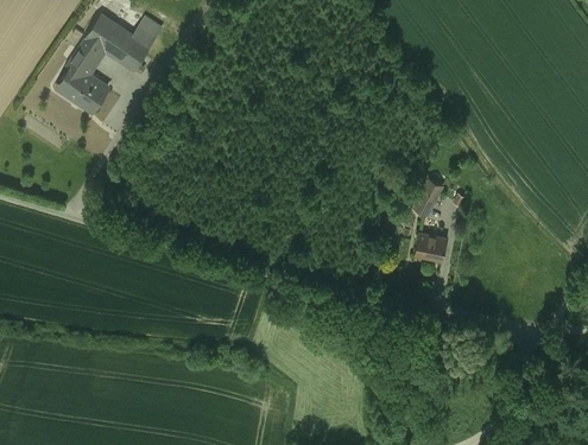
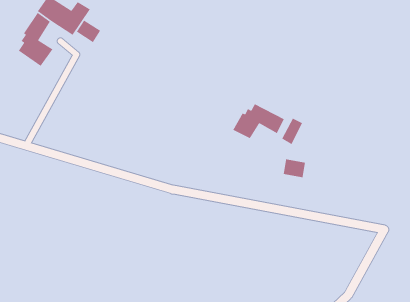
building: none -> [76,19,101,43]
building: none -> [232,103,285,139]

